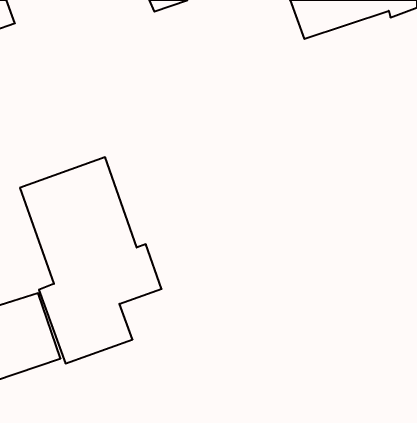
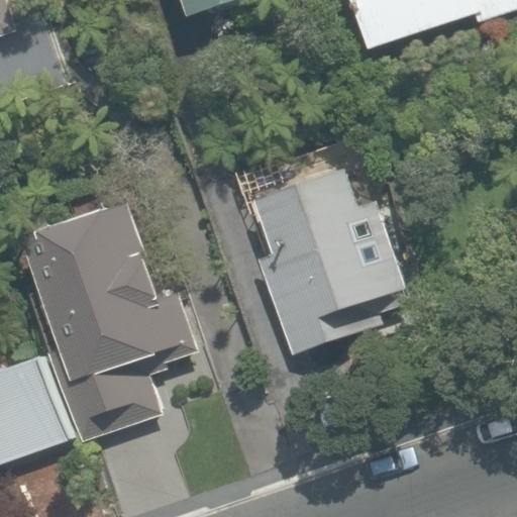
building: none -> [251,167,403,354]

